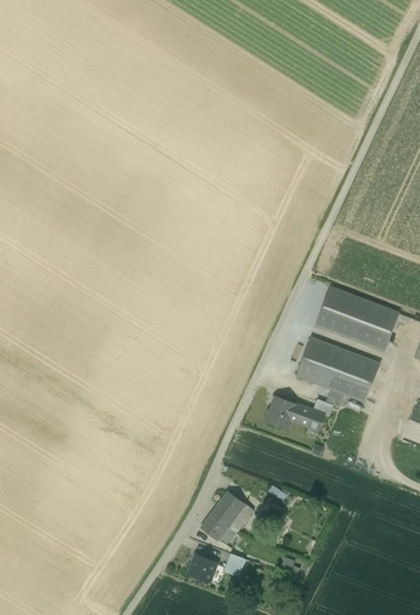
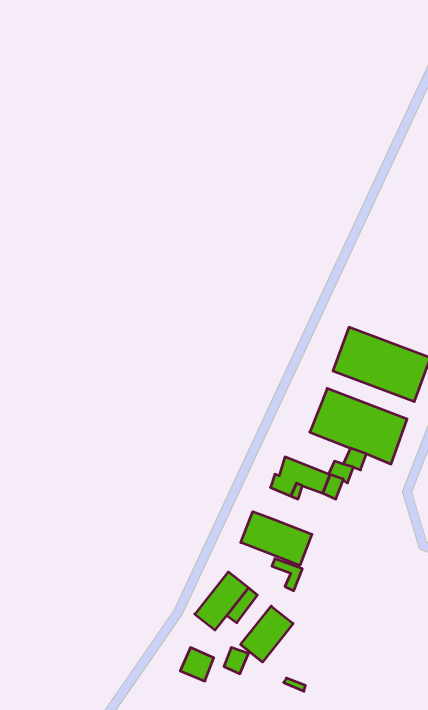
building: none -> [241,512,312,565]
building: none -> [241,606,293,662]

